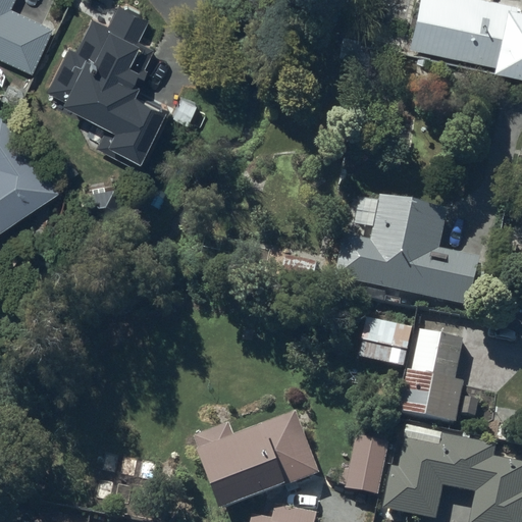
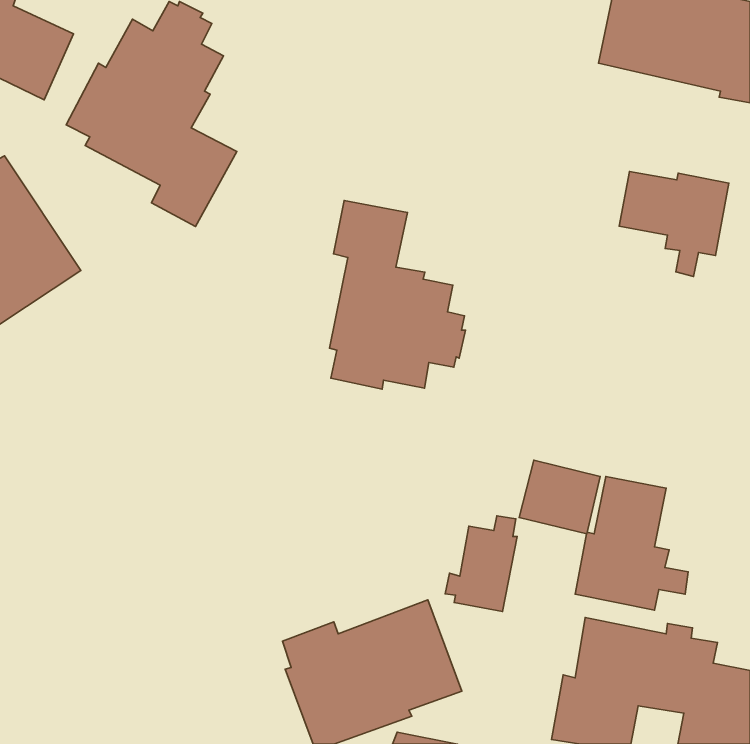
building: none -> [619,172,729,276]
building: none -> [330,200,465,389]
building: [331,198,492,308] -> none
building: [340,431,389,498] -> [445,516,517,611]

